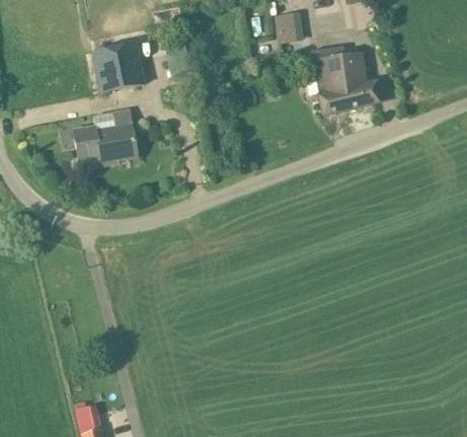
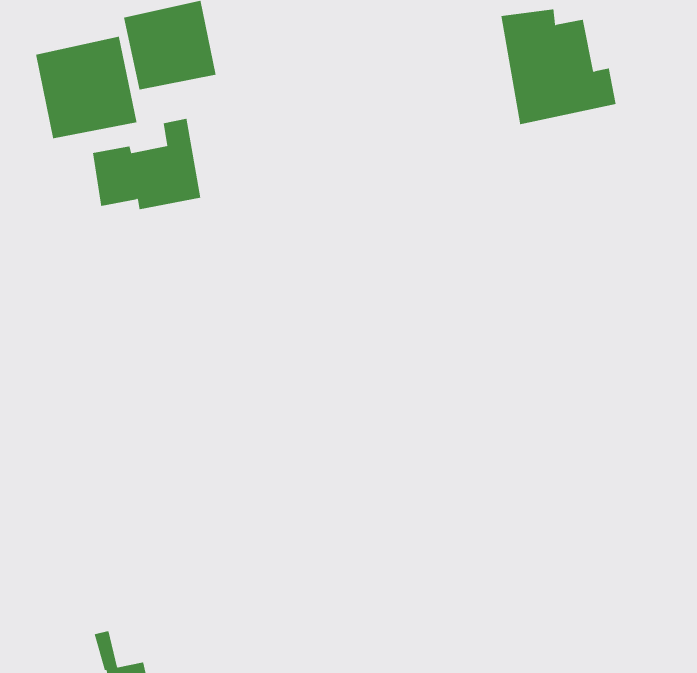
building: none -> [36,36,137,139]

